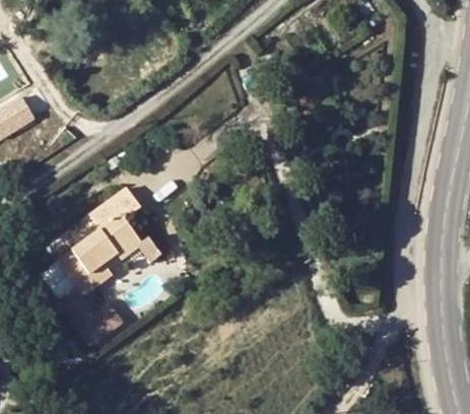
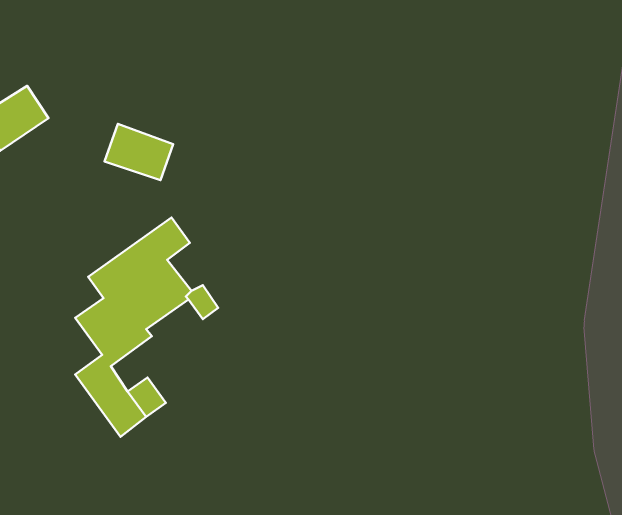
building: none -> [104,124,173,180]

